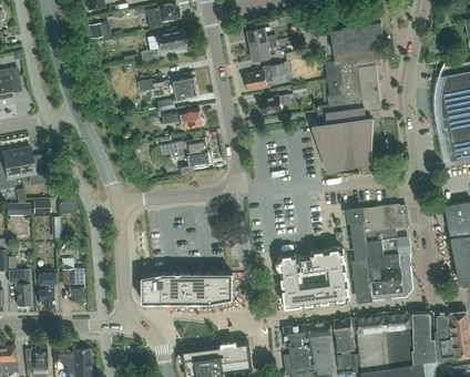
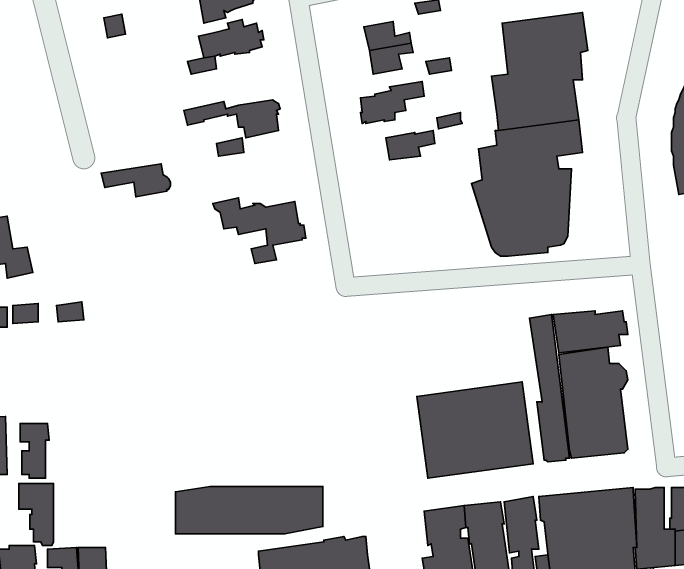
building: [162,110,204,130] -> [101,164,170,197]
building: [62,268,83,306] -> [19,484,54,545]
building: [143,274,233,303] -> [176,487,323,534]

